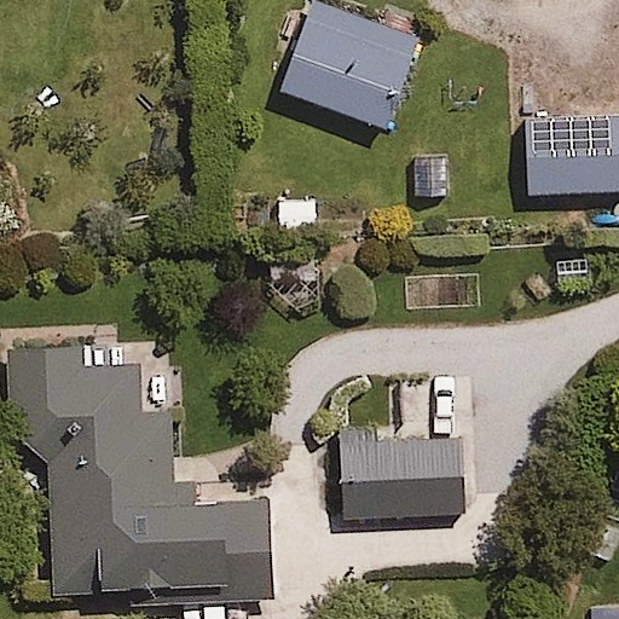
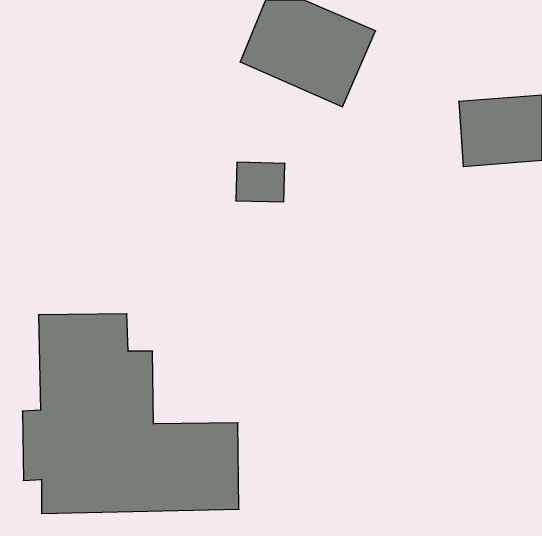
building: [339,436,469,520] -> none

